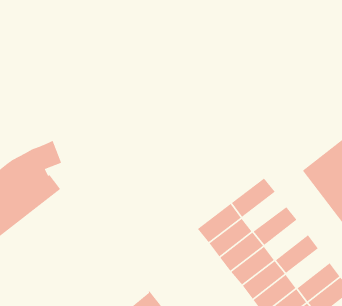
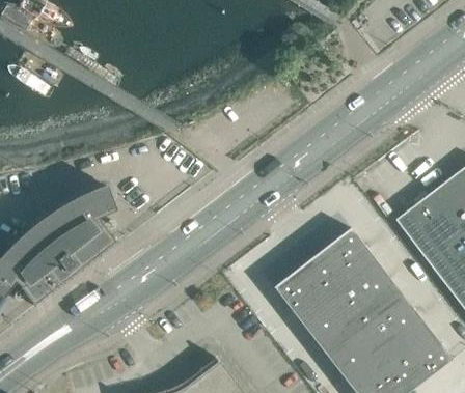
building: none -> [325,245,377,290]
building: none -> [351,277,402,324]
building: none -> [376,310,427,356]

